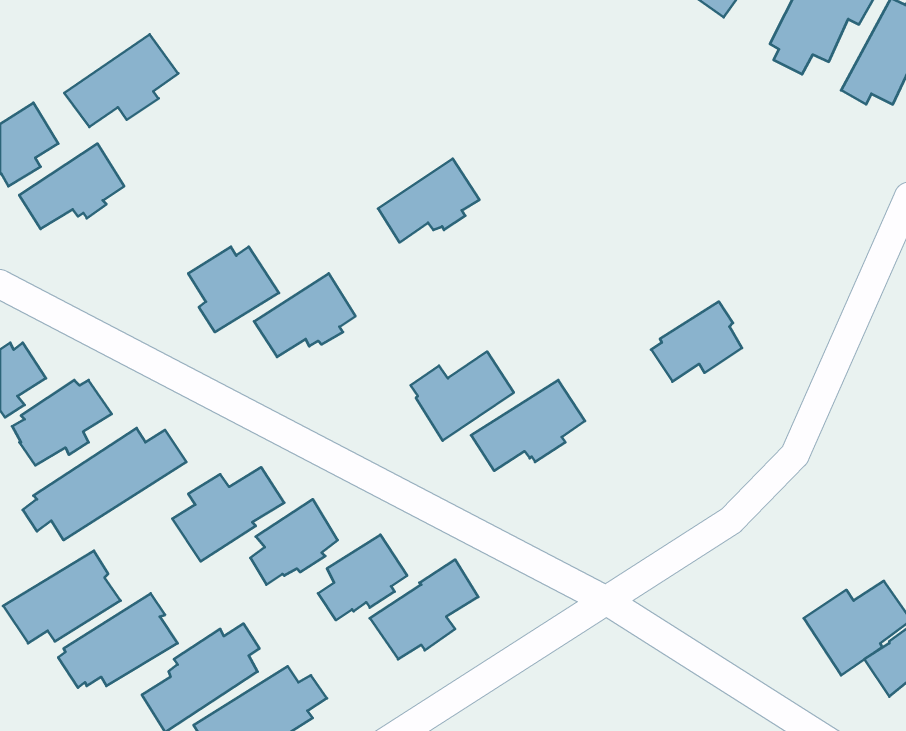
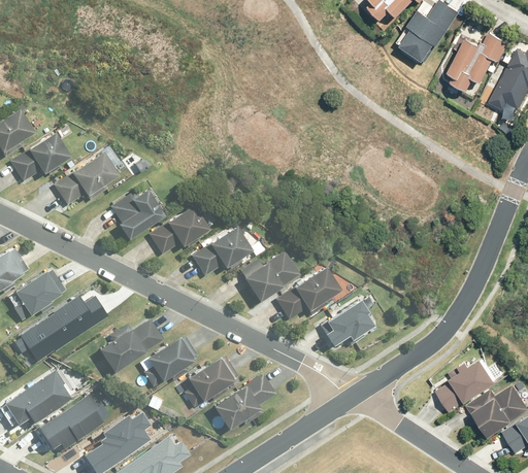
building: [64,34,178,127] -> [54,151,120,205]
building: [378,159,479,242] -> [191,229,250,277]
building: [651,302,742,382] -> [320,297,372,343]
building: none -> [434,357,494,410]

